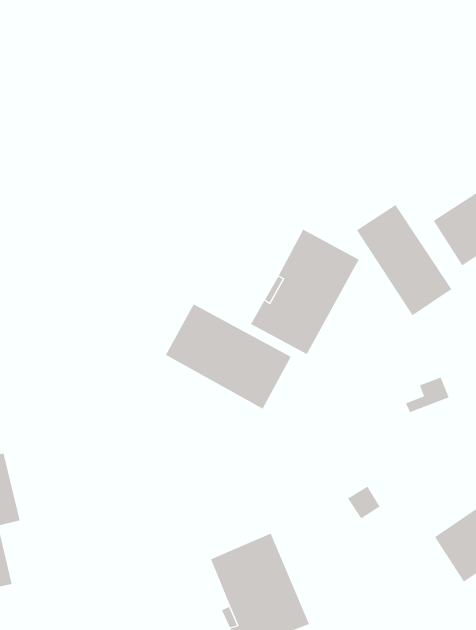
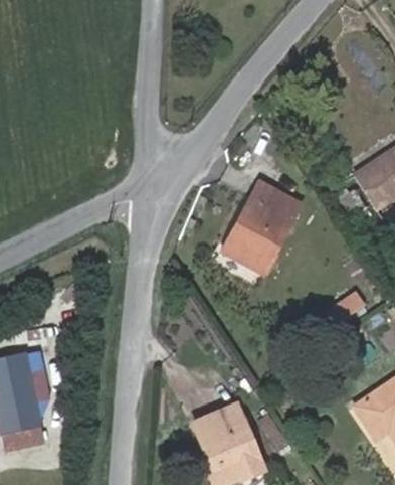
building: [356,204,452,316] -> none
building: [165,304,291,410] -> none

